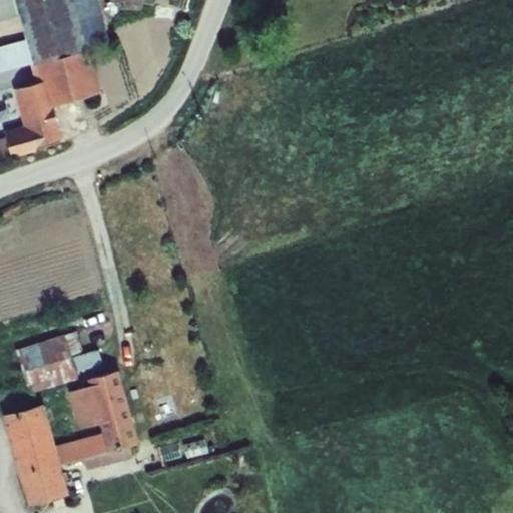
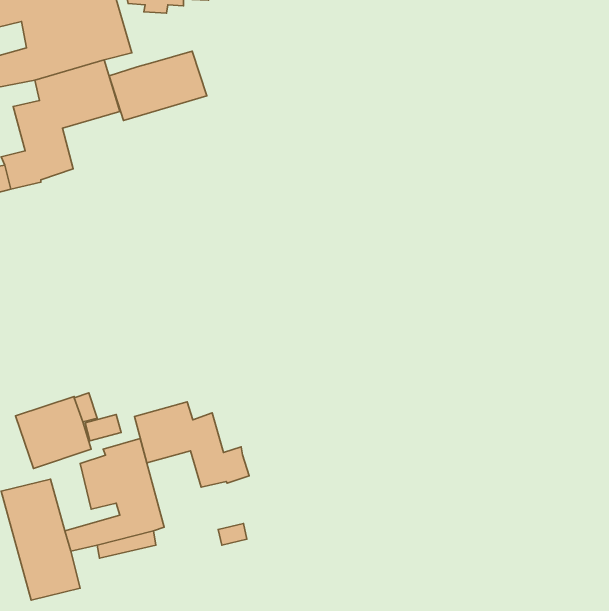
building: none -> [109,51,207,120]
building: none -> [135,402,249,487]

